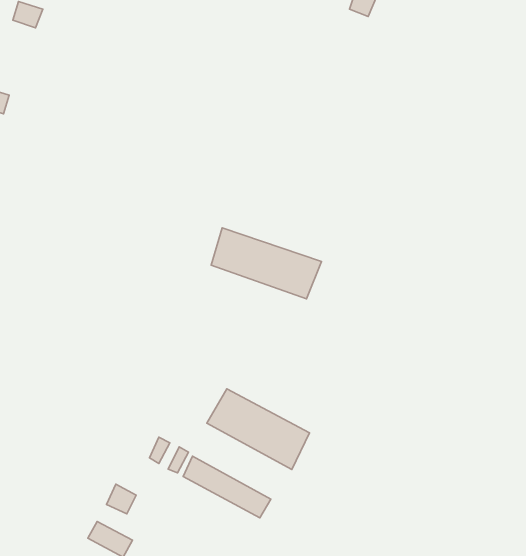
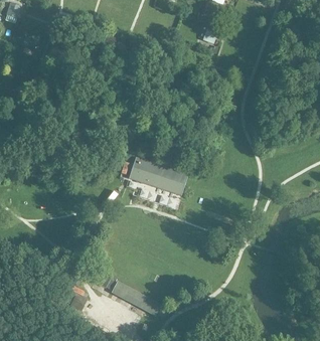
building: [207,389,310,470] -> none

